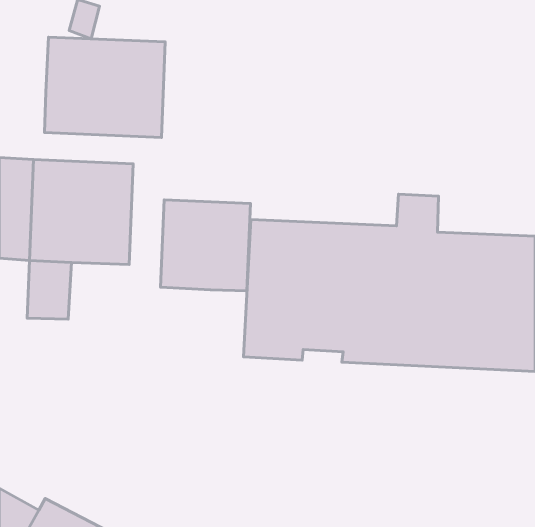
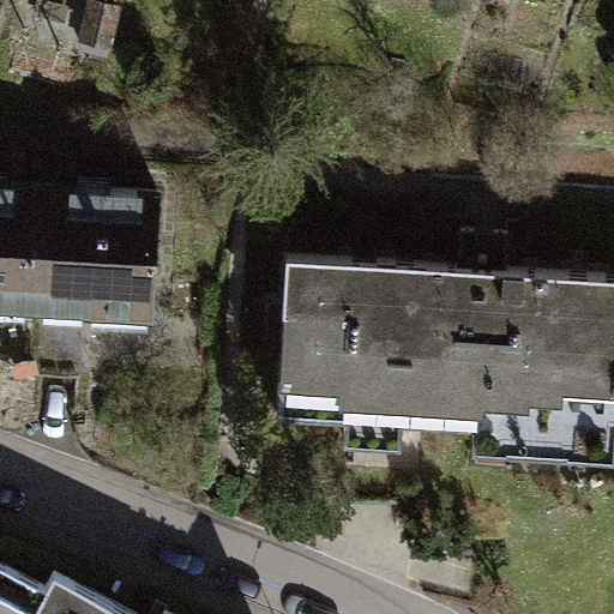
building: [45,37,165,137] -> none
building: [161,200,251,291] -> none

